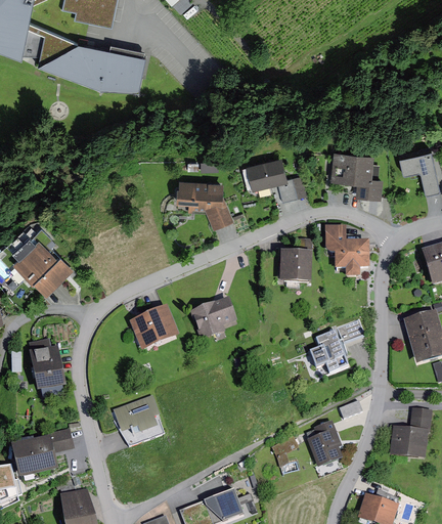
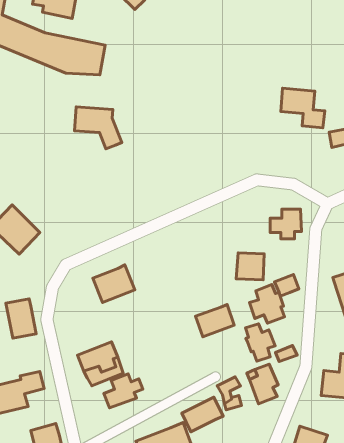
building: [330,152,381,198] -> [281,88,325,128]
building: [247,158,296,200] -> none
building: [177,180,231,228] -> [74,107,122,149]
building: [321,228,346,254] -> none
building: [279,252,311,282] -> [236,253,264,280]
building: [191,299,235,336] -> [196,304,234,337]
building: none -> [246,324,275,361]
building: none -> [104,374,143,408]
building: none -> [182,397,223,432]

